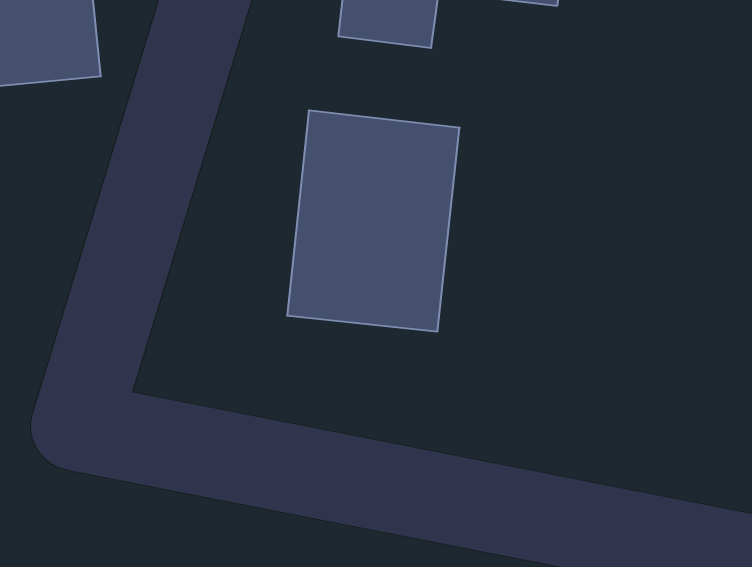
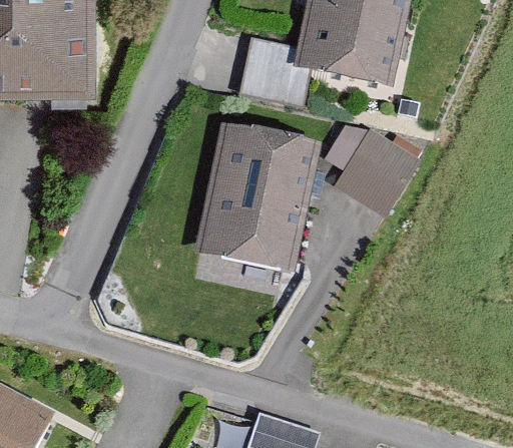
building: none -> [335,127,417,211]

